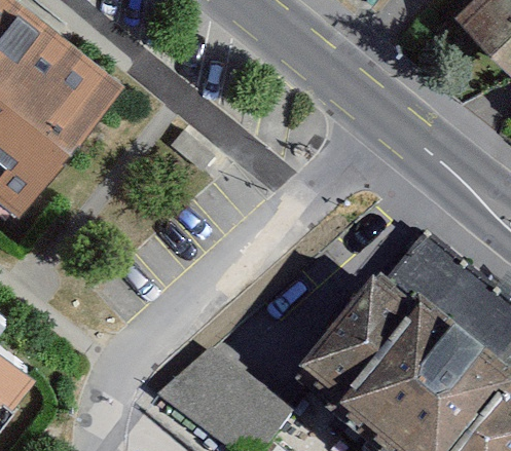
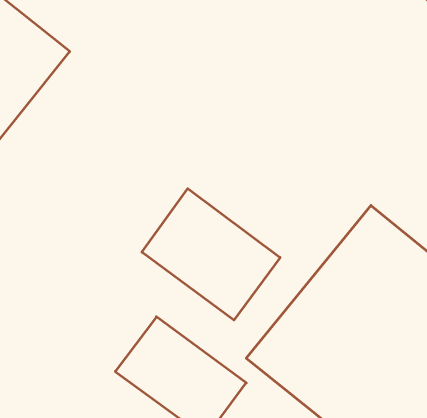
building: none -> [142,189,280,320]

